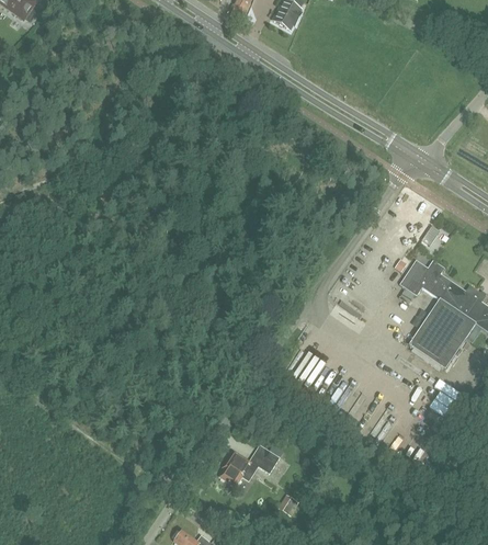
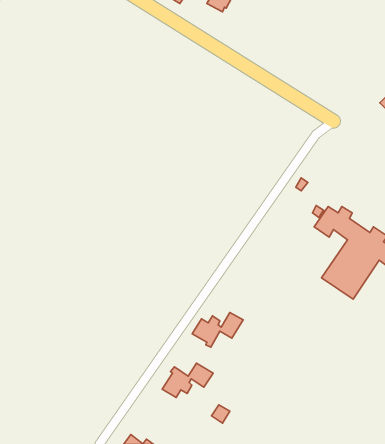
building: none -> [192,313,243,347]

